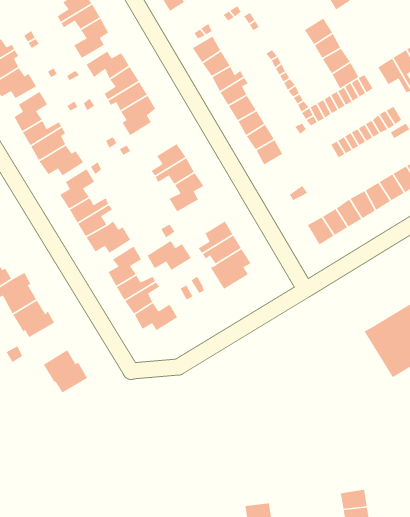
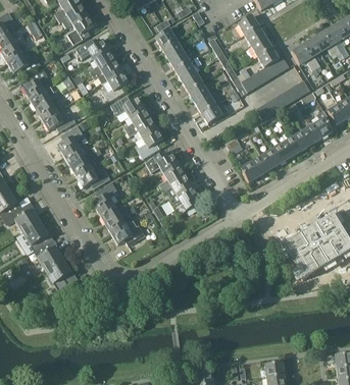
building: none -> [111,95,144,116]
building: [146,240,192,271] -> [146,151,180,173]
building: none -> [35,239,63,270]

